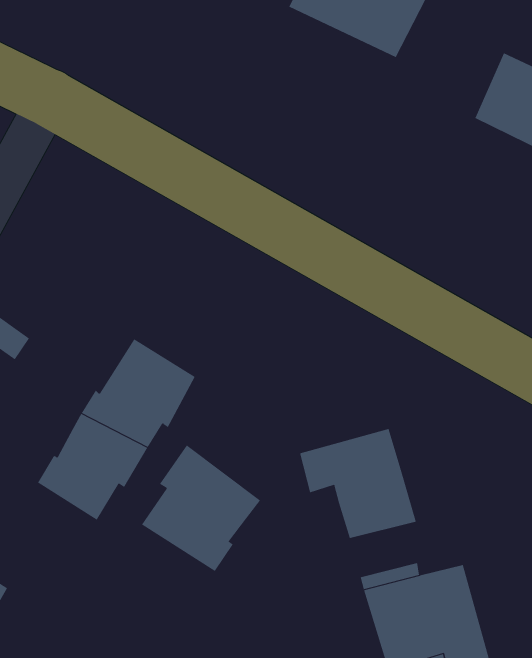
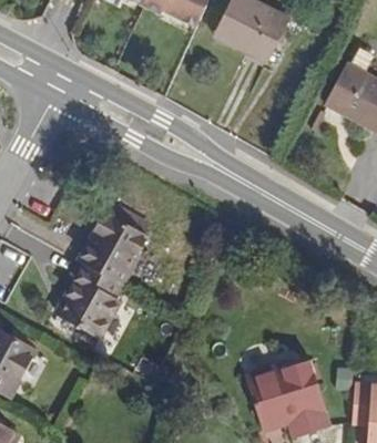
building: [300,428,417,539] -> none
building: [141,444,261,572] -> none

